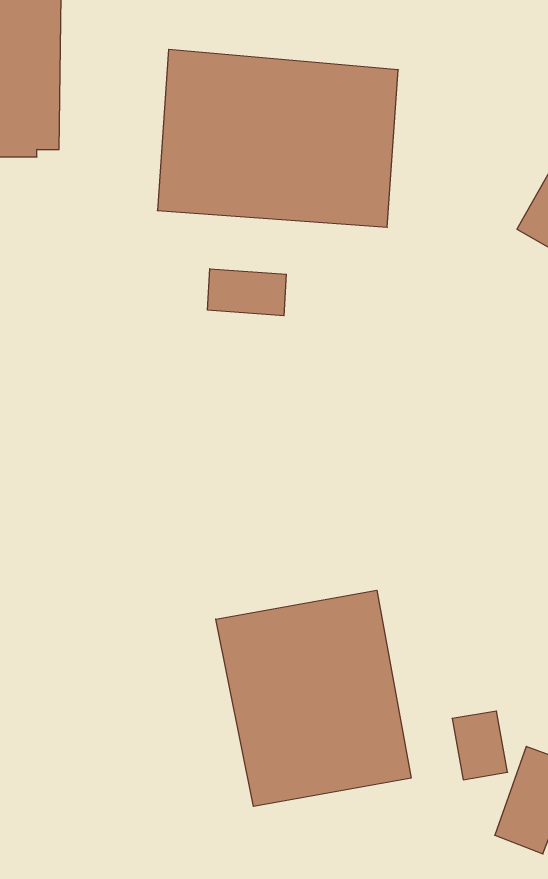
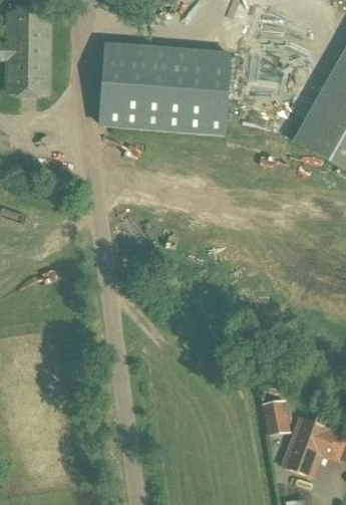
building: [208,269,286,316] -> none
building: [216,590,411,806] -> none

